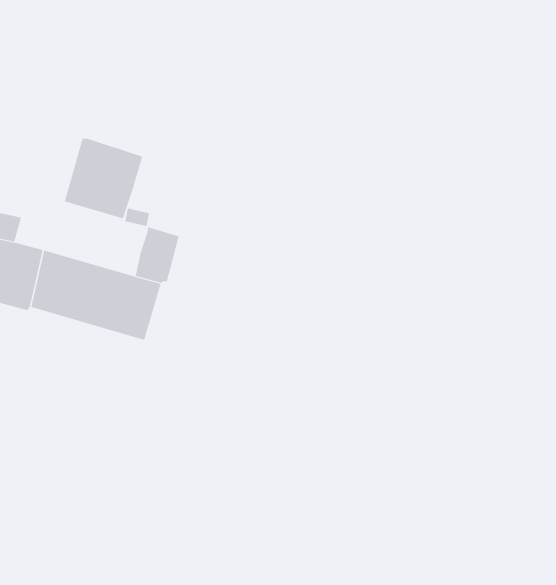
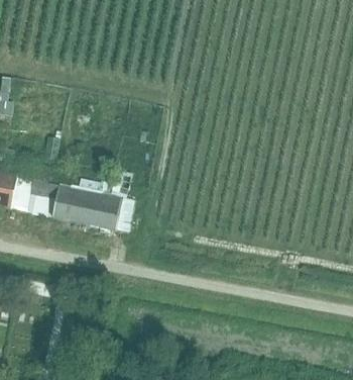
building: [64,138,143,219] -> none

